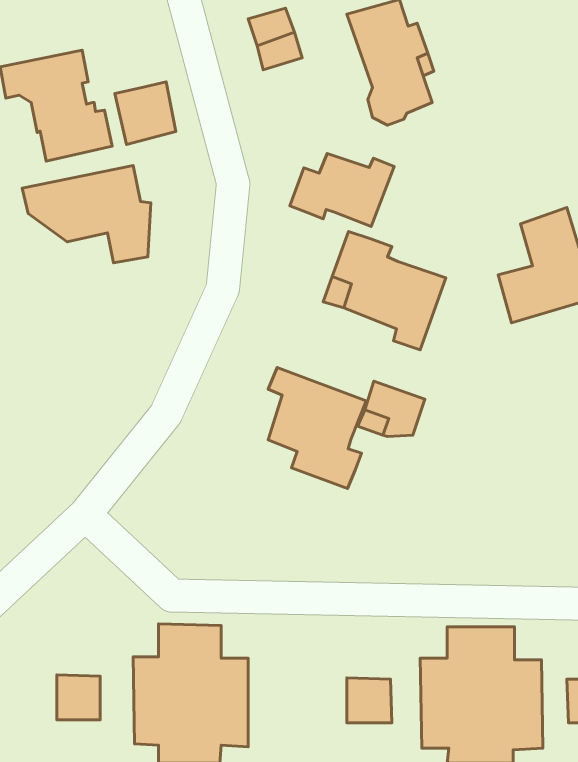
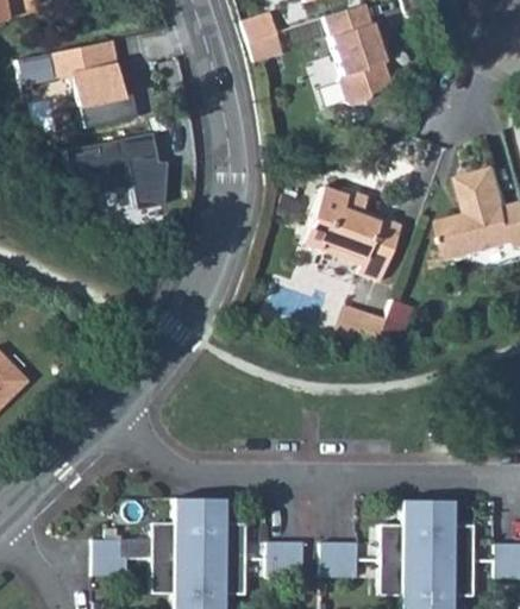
building: [115,82,176,145] -> none
building: [290,154,394,227] -> none
building: [268,367,366,488] -> none
building: none -> [270,540,305,576]

